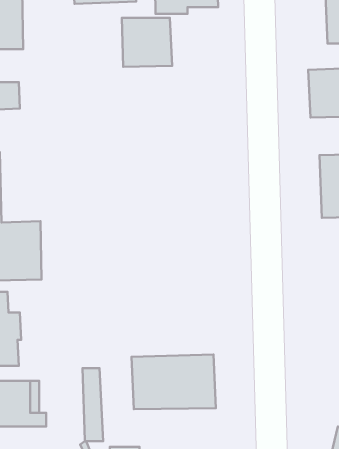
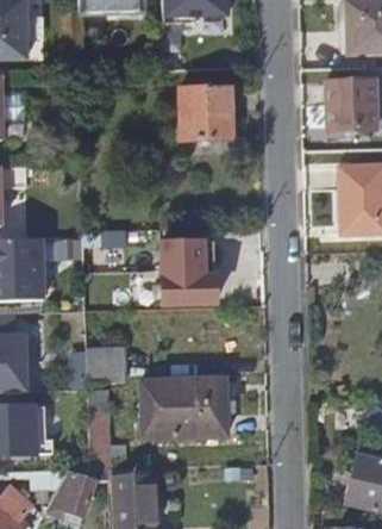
building: [122,18,172,67] -> [184,88,237,139]
building: none -> [161,243,221,305]
building: none -> [76,348,126,390]

